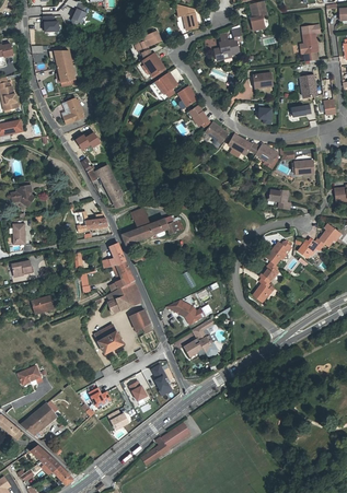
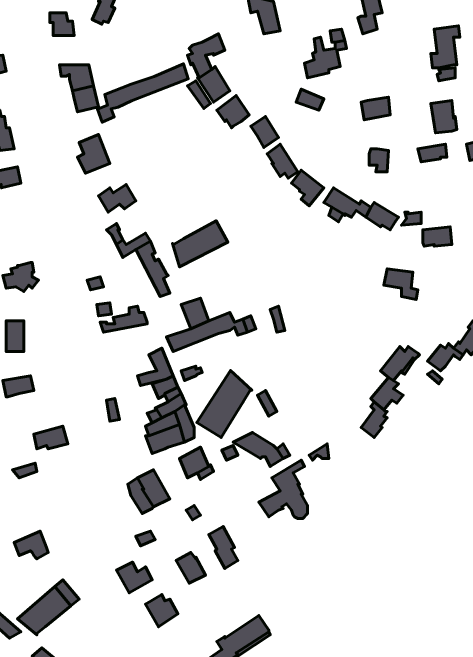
building: none -> [97,64,188,122]
building: none -> [172,221,228,267]
building: none -> [197,370,252,438]

